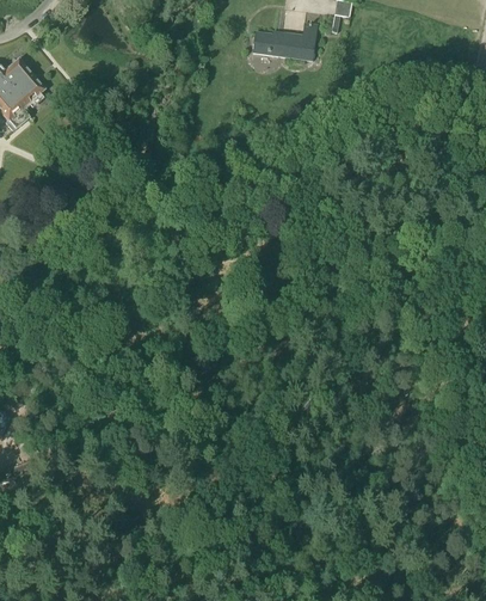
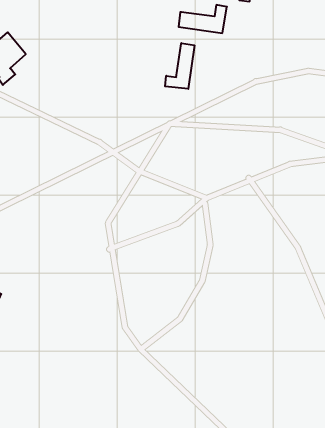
building: none -> [165,43,194,89]

